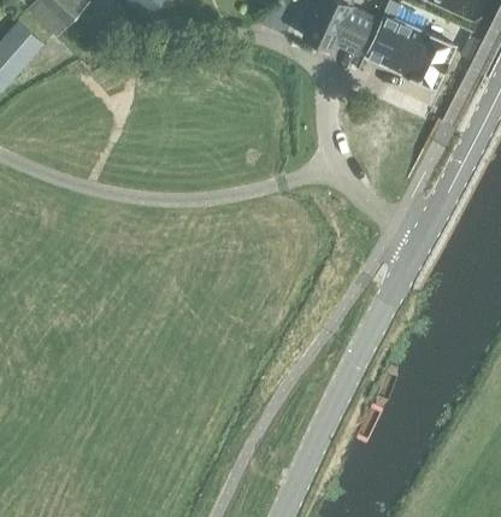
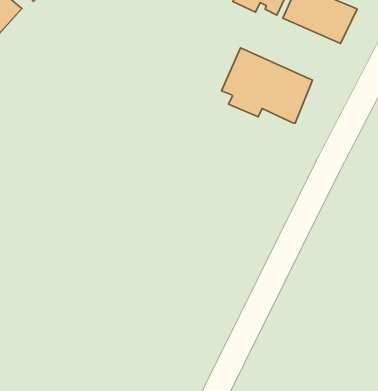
building: none -> [221,48,313,123]

